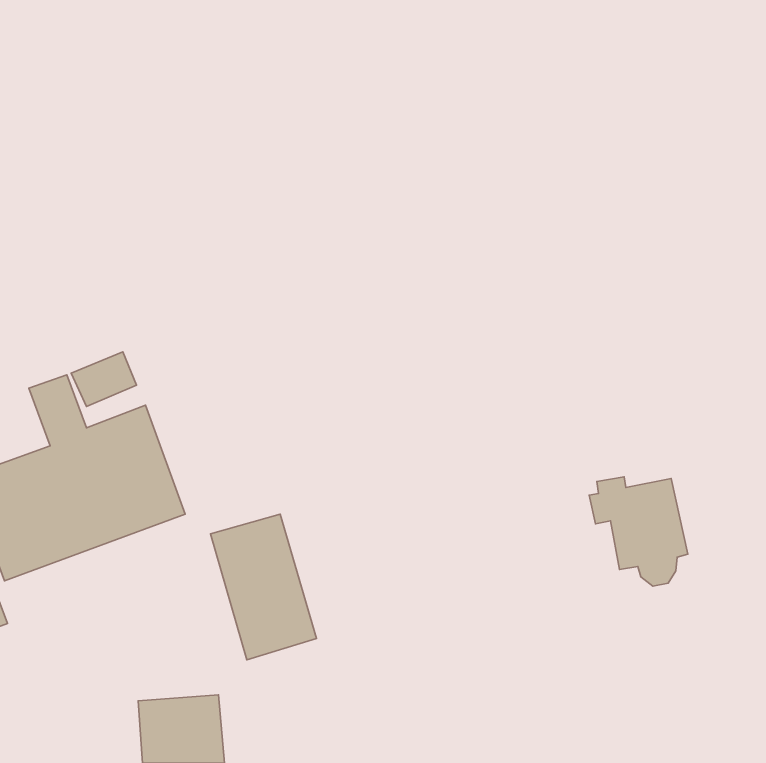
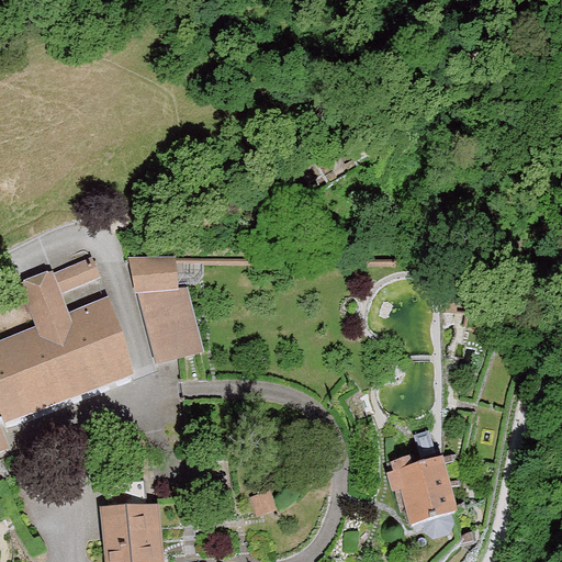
building: [589,477,688,586] -> [386,457,458,536]
building: [210,514,317,660] -> [128,259,205,364]

